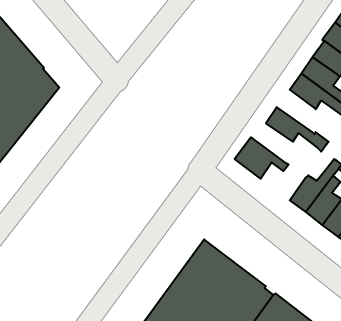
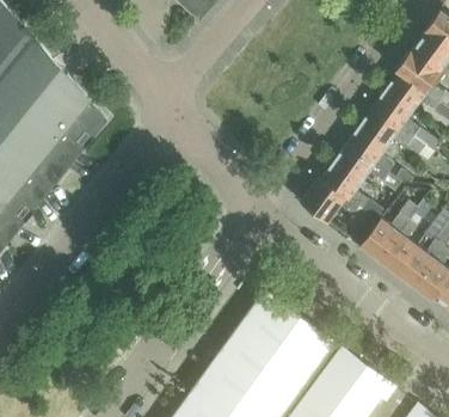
building: none -> [346,124,395,173]
building: none -> [318,161,387,221]

